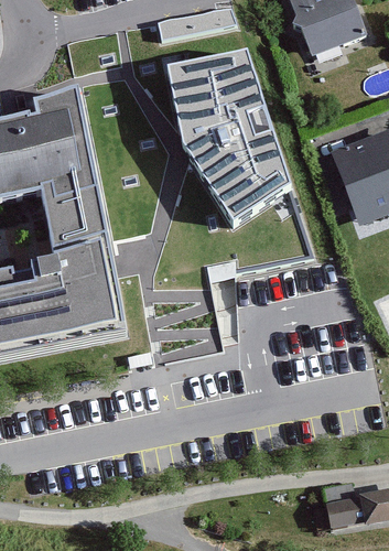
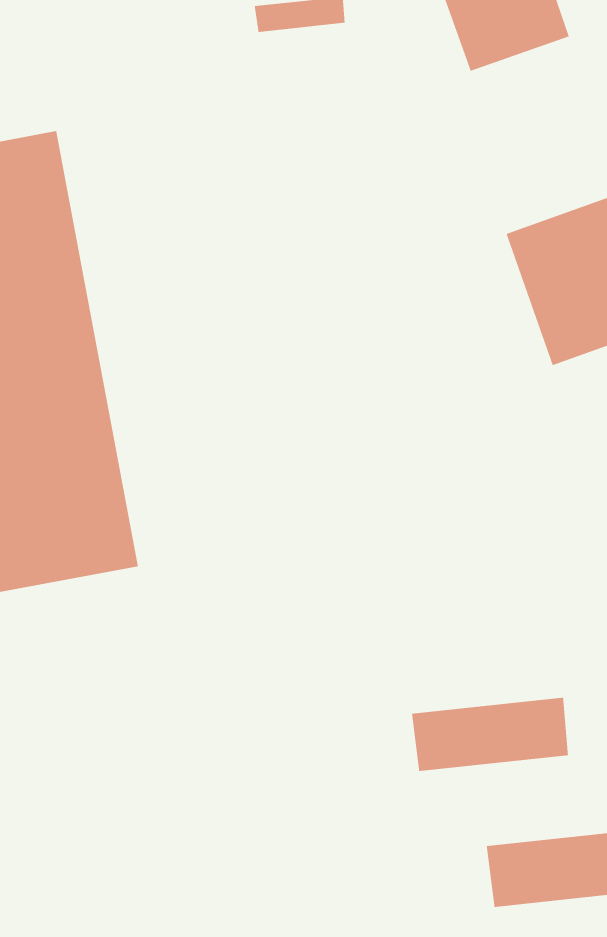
building: [168,43,298,220] -> none
building: none -> [411,697,569,772]

